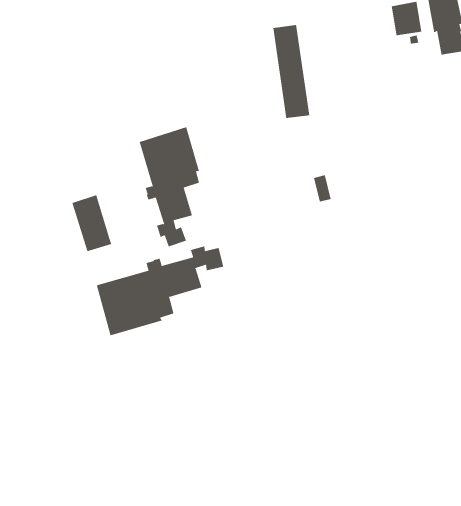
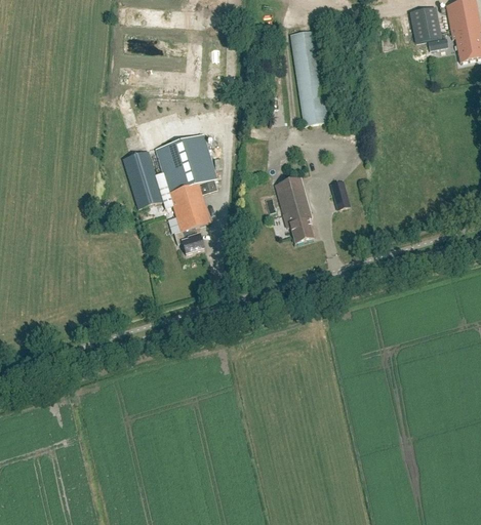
building: none -> [275,176,314,242]
building: [71,195,112,252] -> [123,150,164,207]
building: [96,246,224,336] -> none

